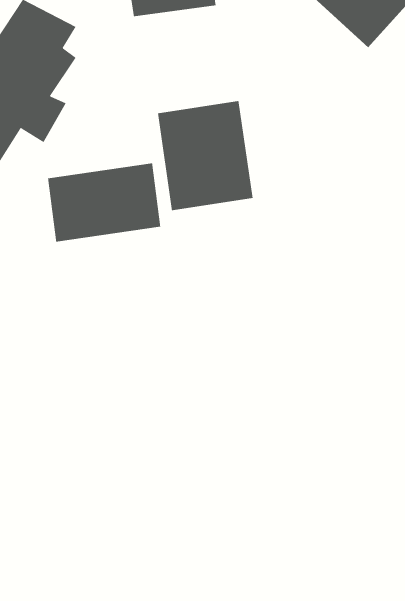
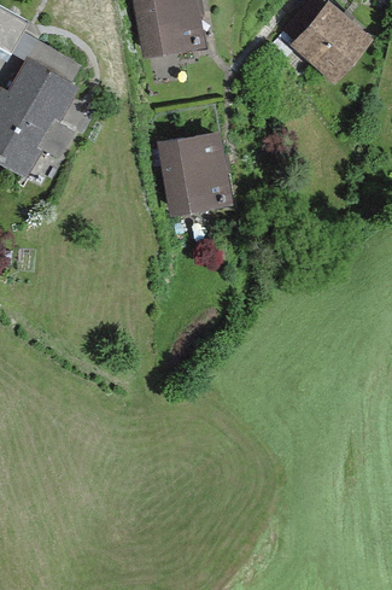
building: [47,163,161,242] -> none

